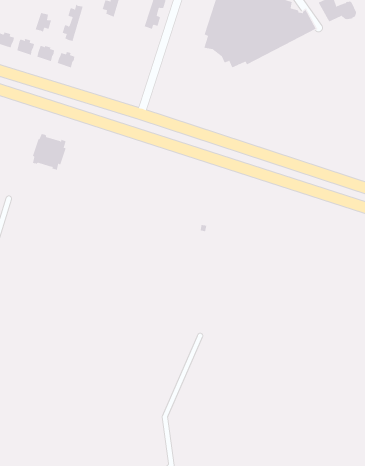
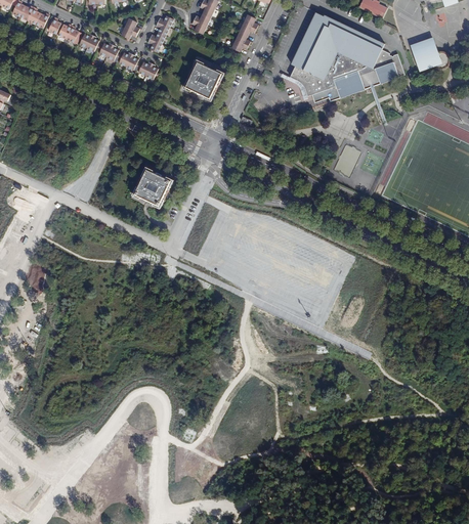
building: none -> [183,58,221,99]
building: [32,133,67,171] -> [136,168,174,208]

